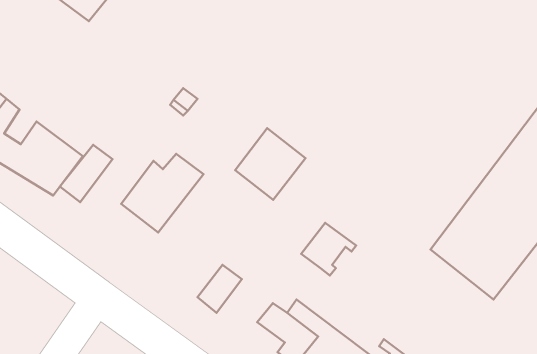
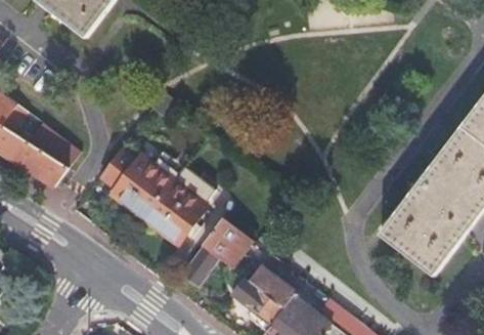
building: [235,128,305,200] -> [146,182,207,244]
building: [60,145,112,202] -> [97,144,142,194]
building: [301,223,356,275] -> [202,219,249,264]

